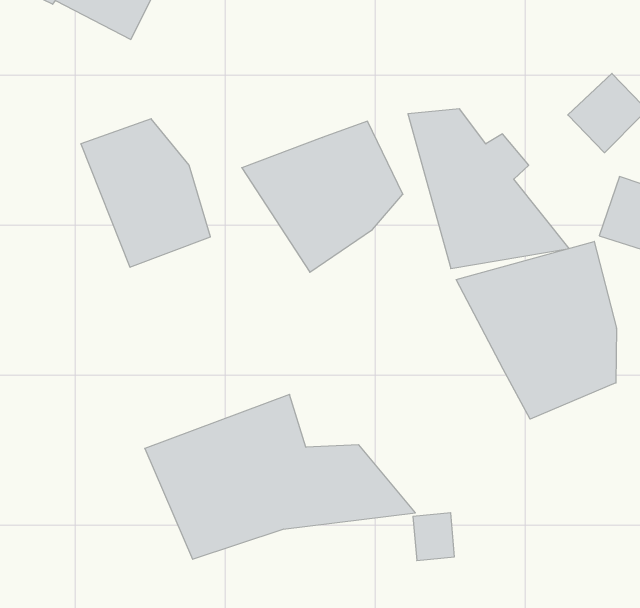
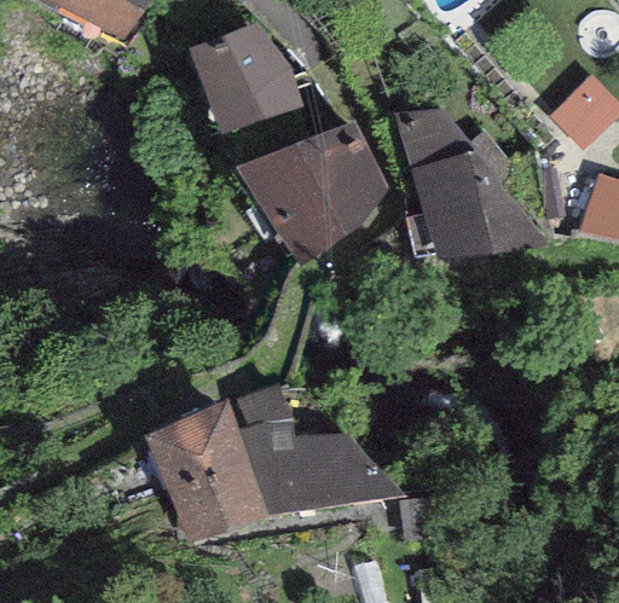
building: [81,119,210,267] -> [187,23,312,166]
building: [456,241,616,419] -> none

